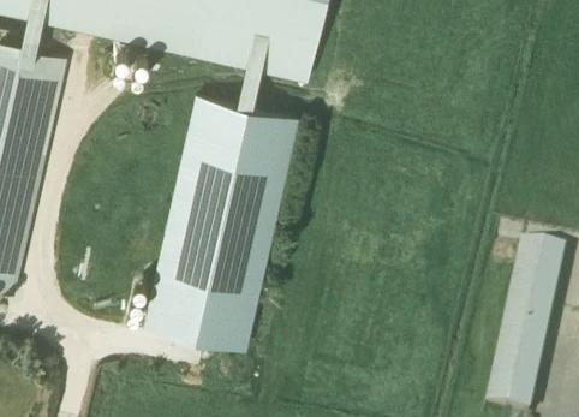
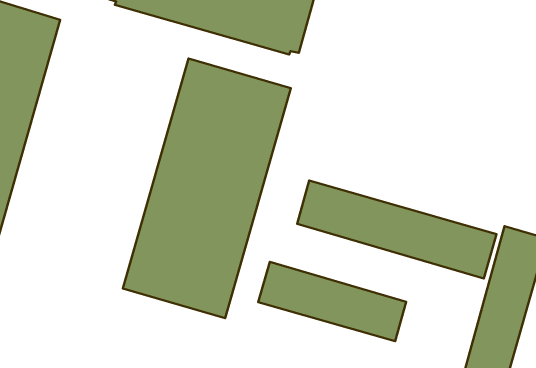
building: none -> [297,181,497,278]
building: none -> [258,262,406,341]

